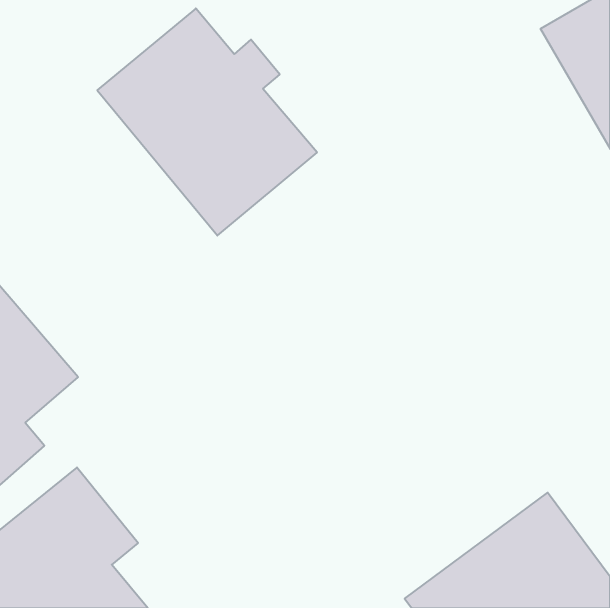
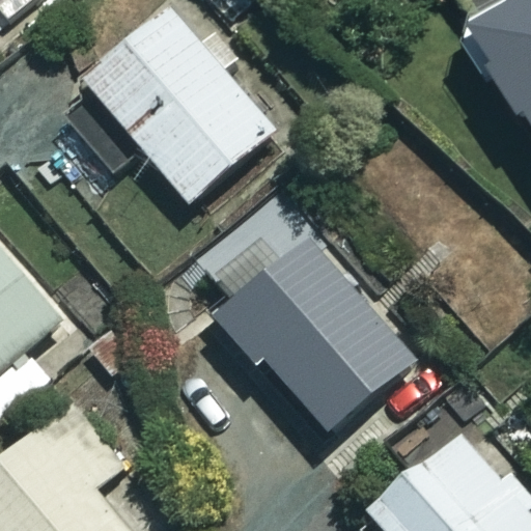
building: none -> [214,234,414,432]

